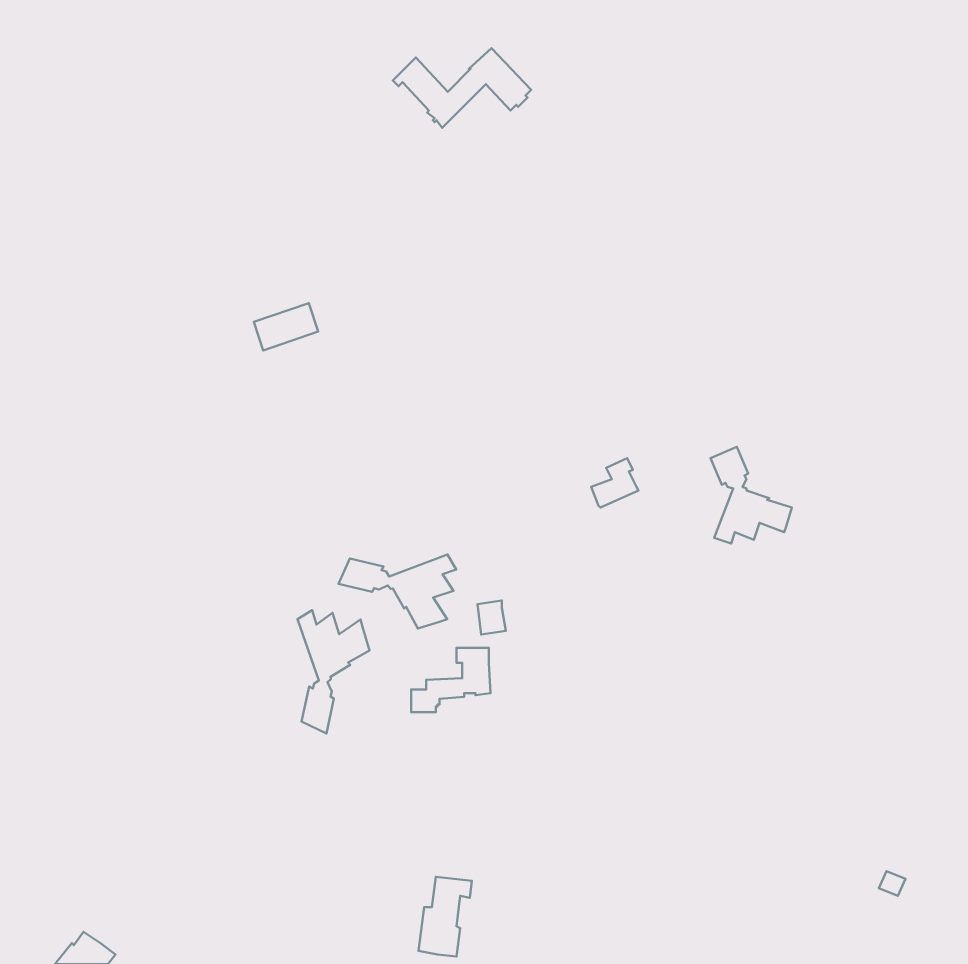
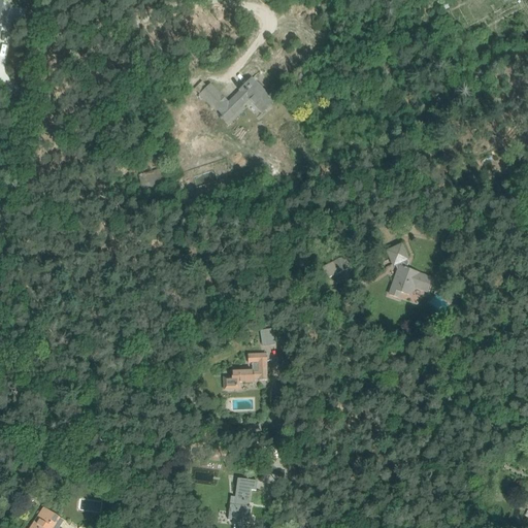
building: [393,48,531,128] -> [198,77,273,121]
building: [339,555,456,629] -> none
building: [297,610,369,734] -> none

